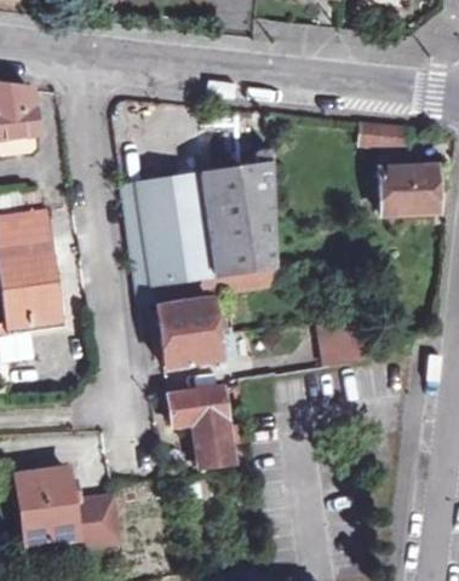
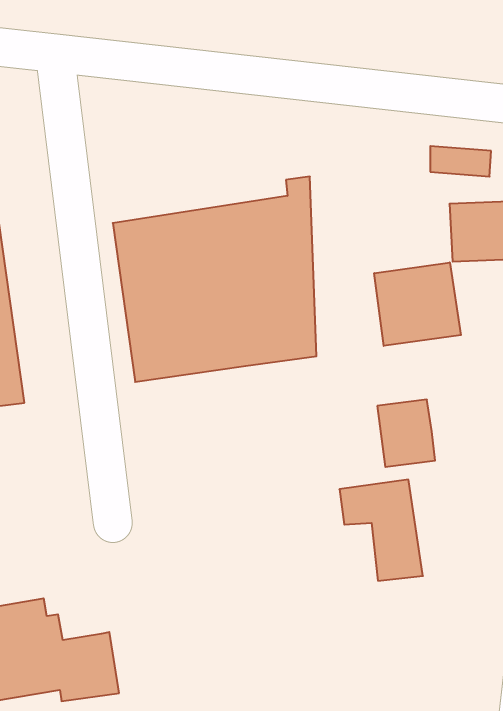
building: none -> [374,262,461,346]
building: [155,299,219,364] -> none
building: [168,389,231,465] -> [339,480,423,581]

